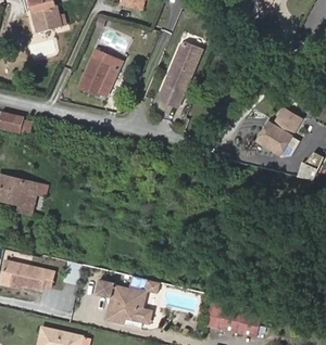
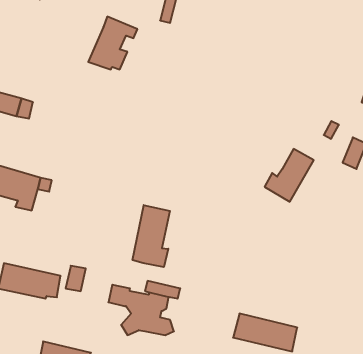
building: [160,43,203,108] -> none
building: [256,108,299,154] -> [265,149,314,202]
building: none -> [133,205,170,267]

